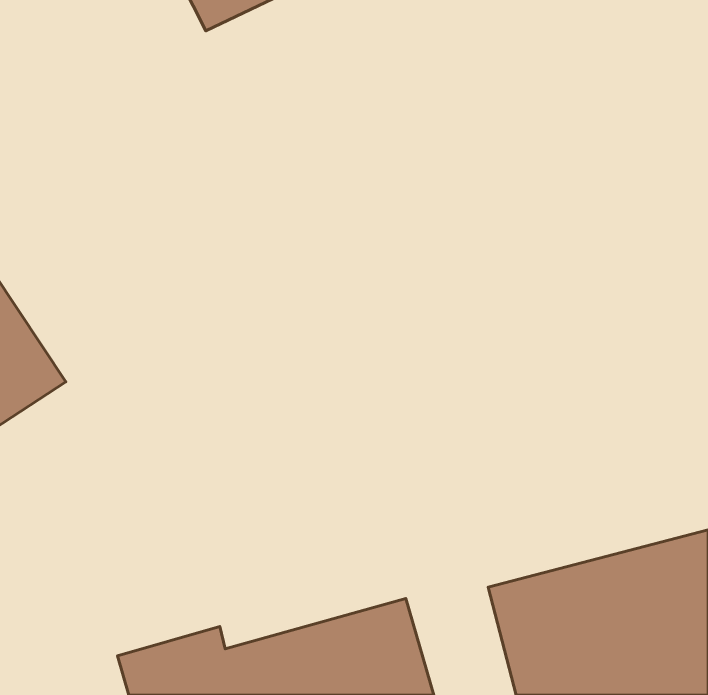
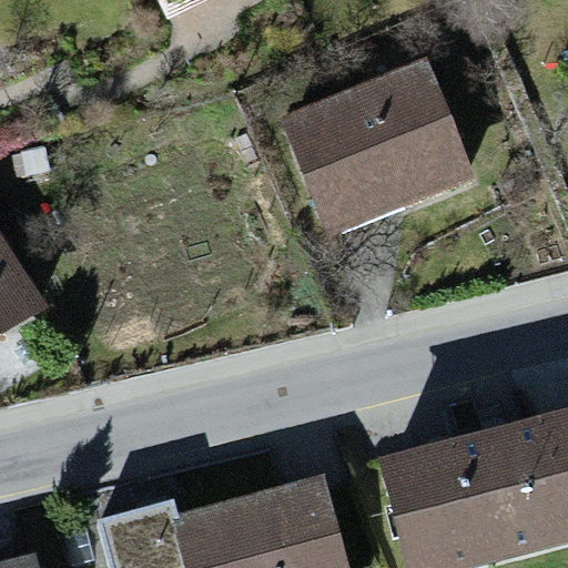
building: none -> [280,61,473,239]

